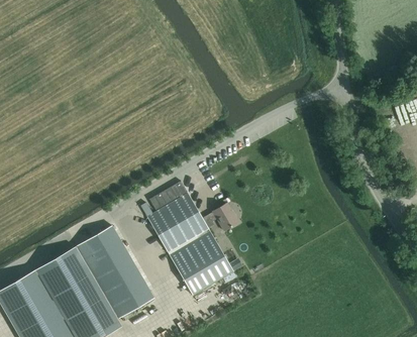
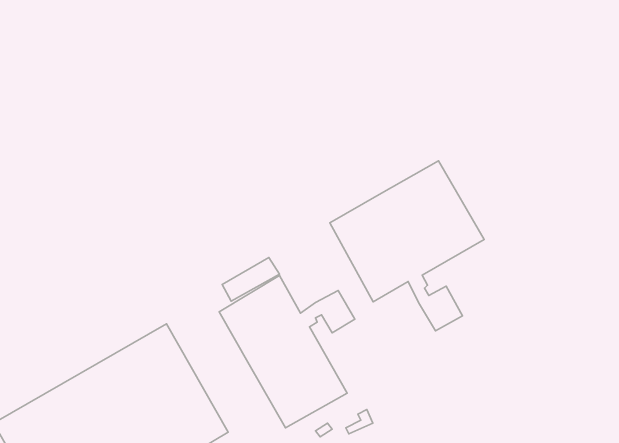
building: none -> [330,161,484,331]

